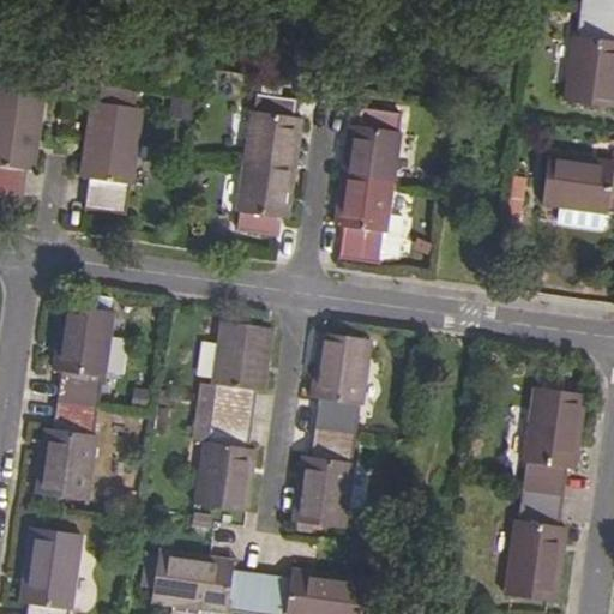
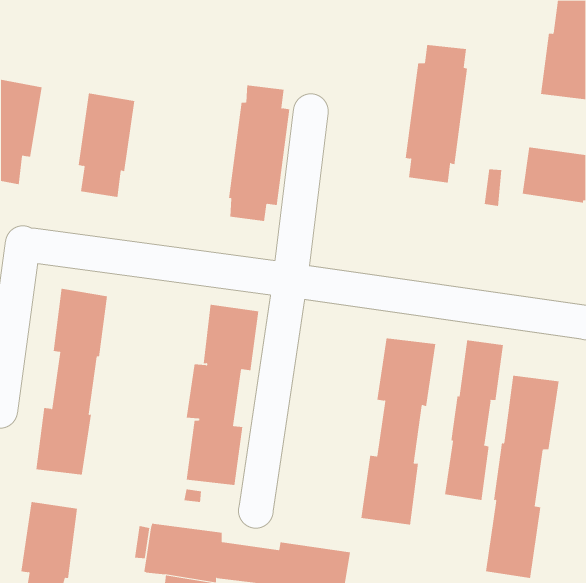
building: [338,107,404,252] -> [405,44,468,183]
building: [294,333,373,529] -> [360,338,436,525]
building: none -> [444,339,504,501]

